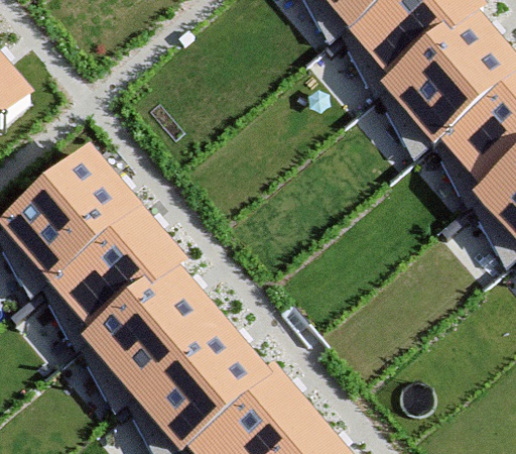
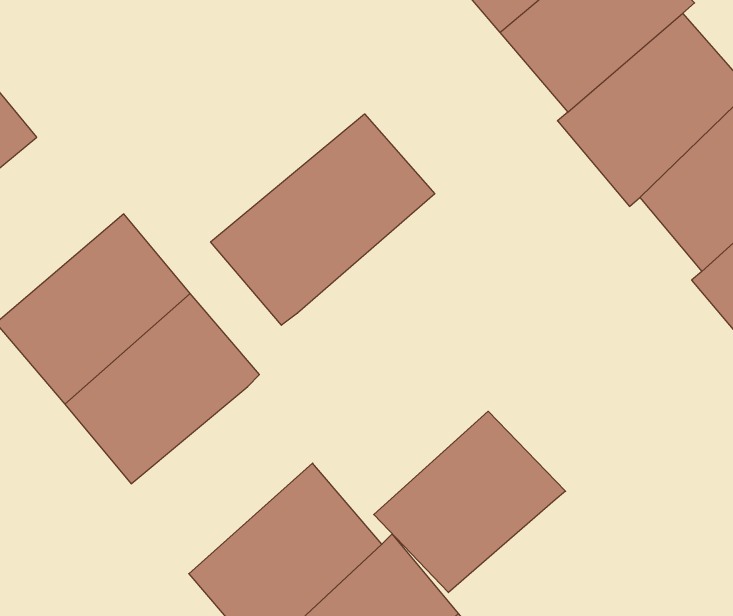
building: none -> [211,114,435,325]
building: [87,264,218,392] -> none
building: none -> [374,411,566,593]

